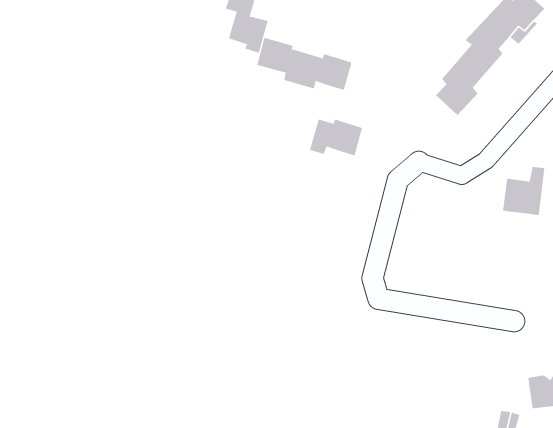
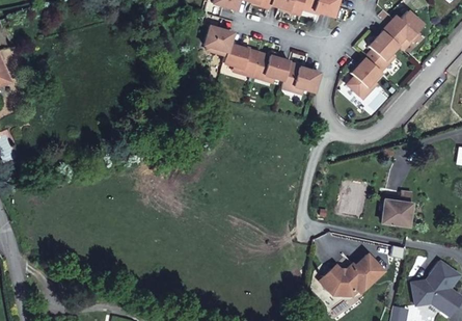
building: [309,119,363,156] -> [282,68,320,93]
building: [502,166,545,215] -> [381,191,411,225]
building: none -> [322,256,382,293]

